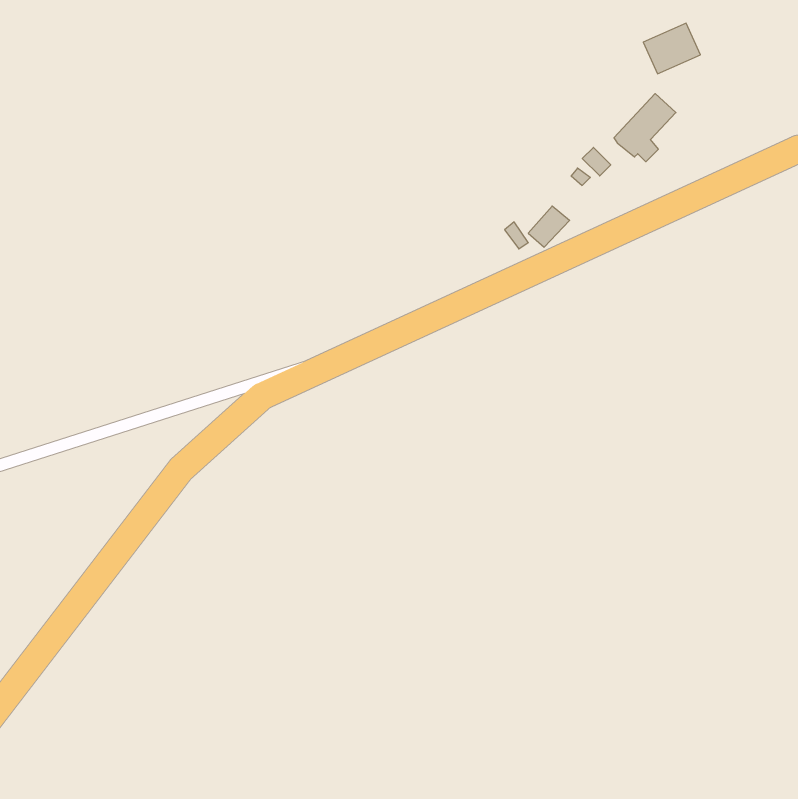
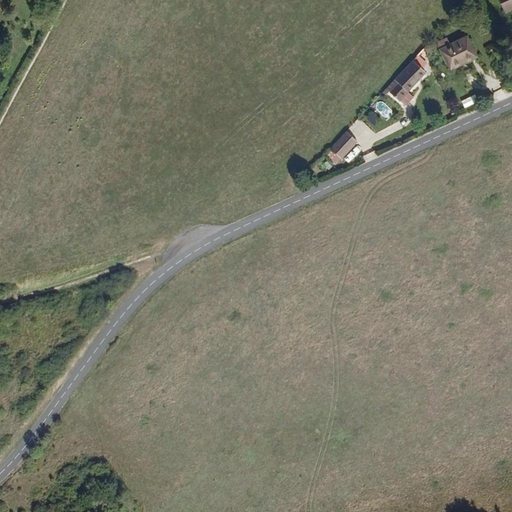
building: [643,23,700,74] -> [440,36,476,68]

